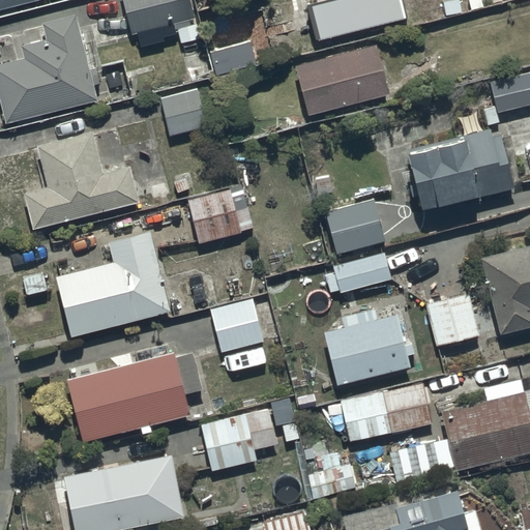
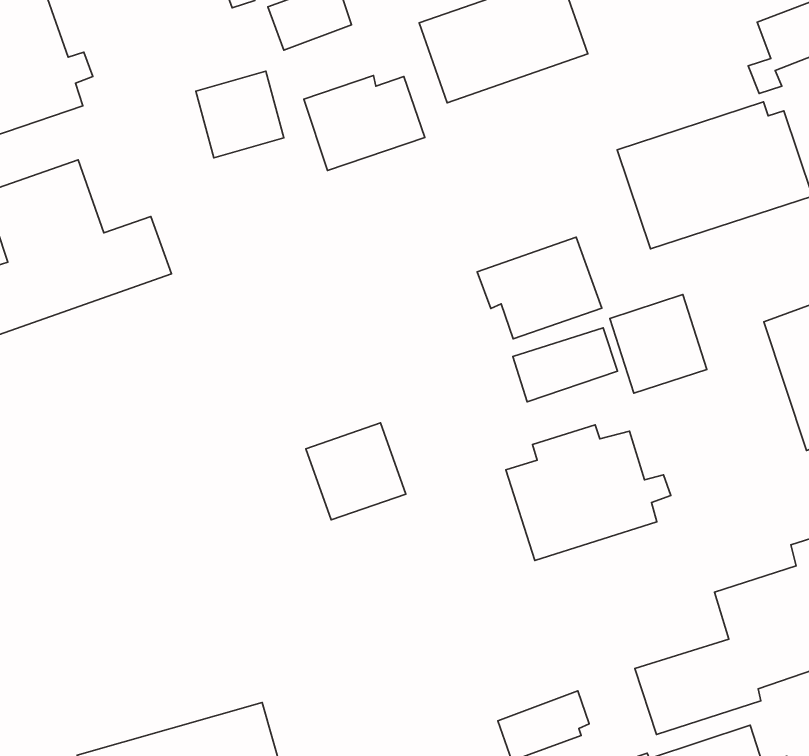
building: [188,190,257,243] -> [304,76,425,170]
building: [55,231,170,336] -> none
building: [426,292,480,347] -> [610,295,707,393]
building: [66,352,203,443] -> none
building: [340,383,434,442] -> none
building: [202,396,301,471] -> none

